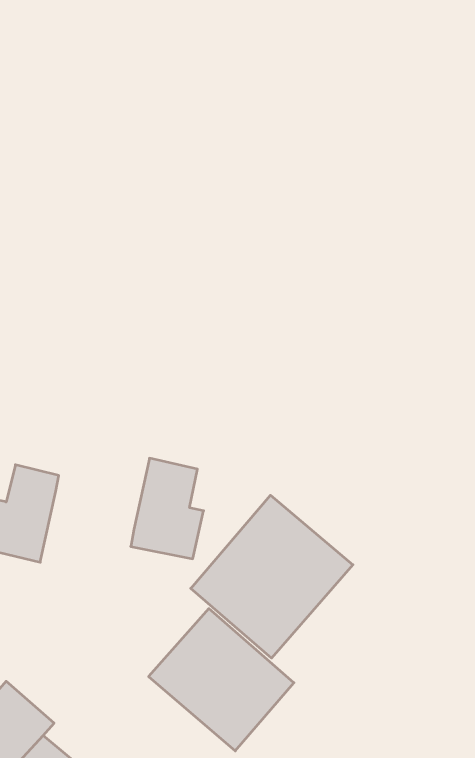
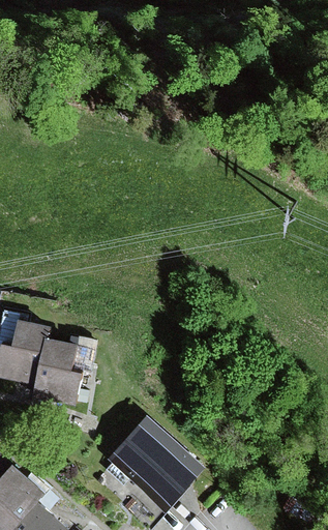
building: [131,458,204,559] -> [32,337,81,405]
building: [191,495,353,658] -> none

